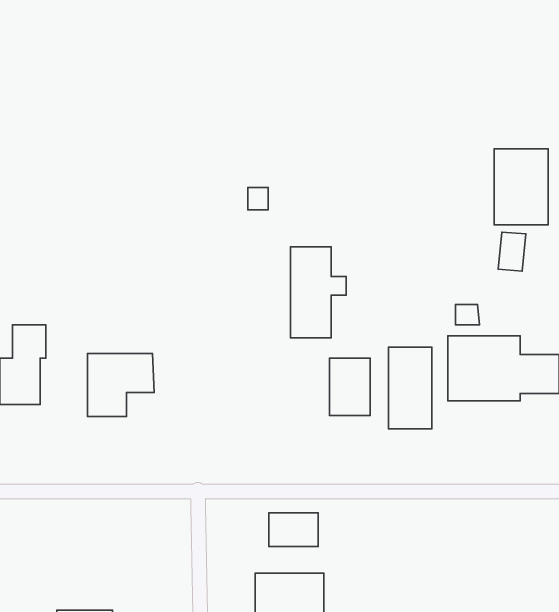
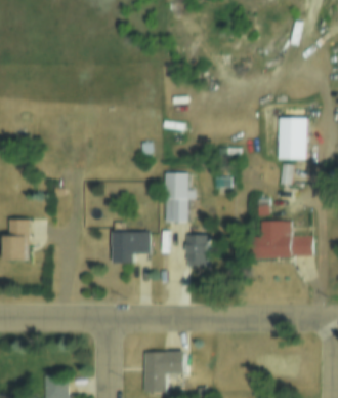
building: [388,347,432,429] -> none
building: [88,354,154,417] -> [114,233,151,268]
building: [269,513,318,547] -> none

